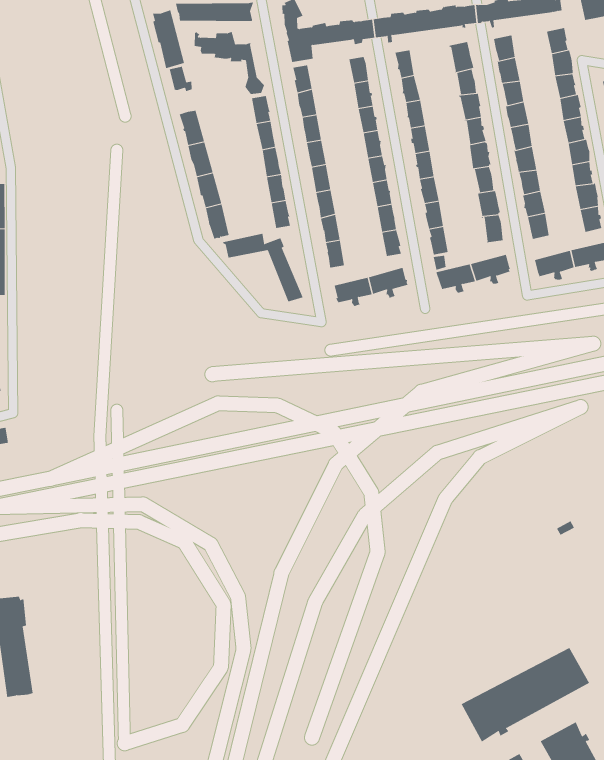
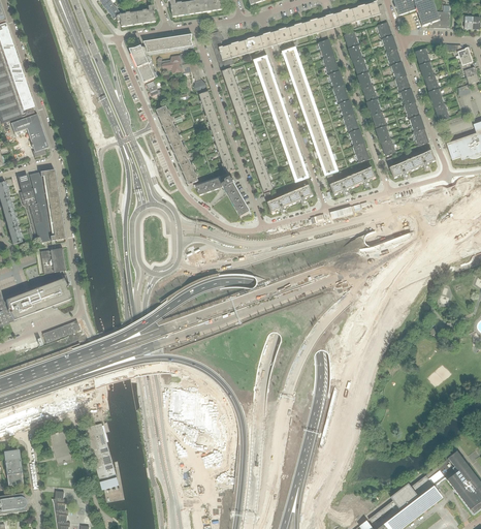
building: [461,647,590,742] -> none

